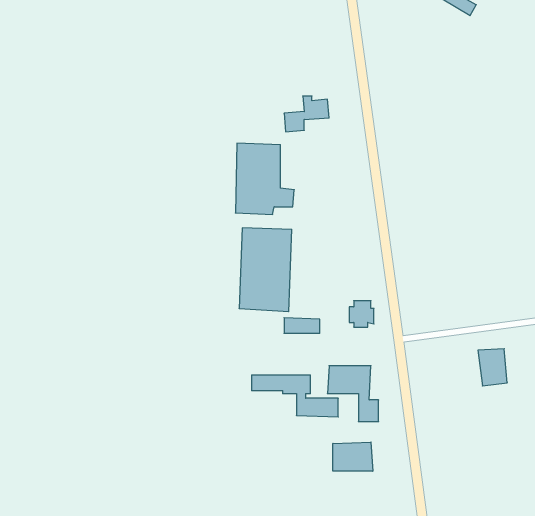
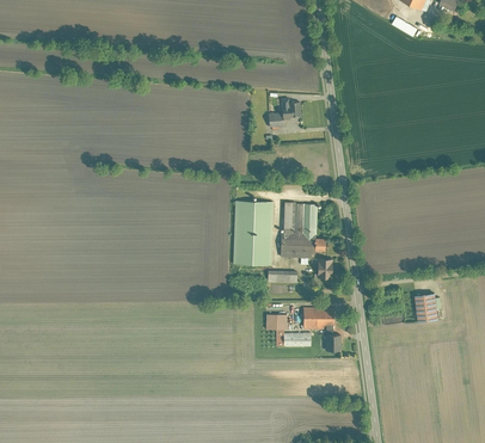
building: [235,143,294,214] -> [282,203,327,258]
building: [333,442,373,471] -> none

